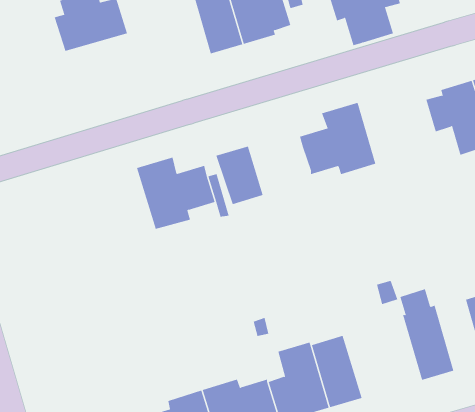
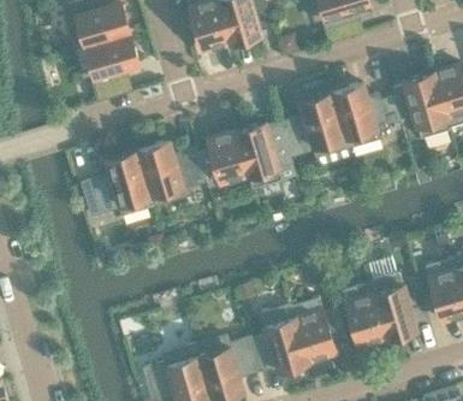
building: none -> [75,33,138,101]
building: none -> [332,83,387,147]
building: none -> [236,123,290,189]
building: none -> [82,151,154,216]
building: none -> [343,279,387,347]

